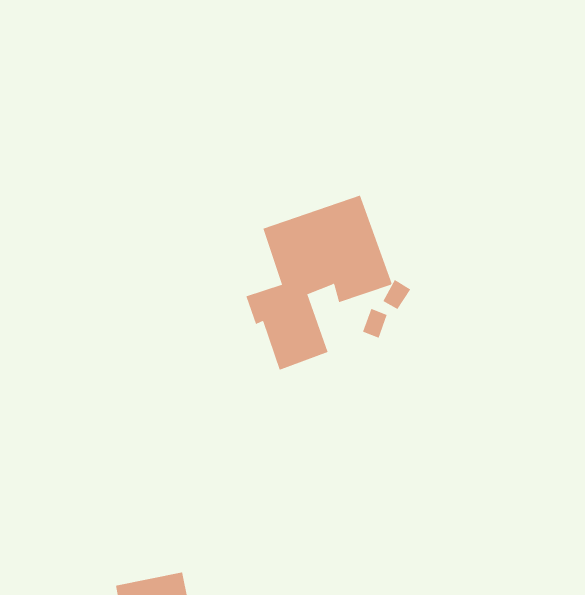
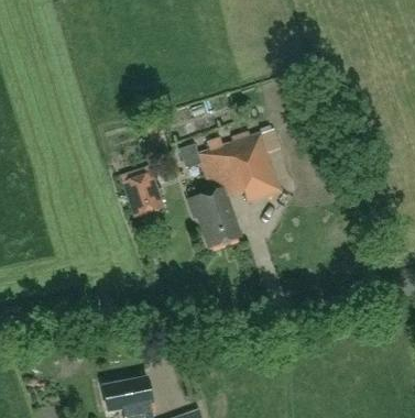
building: none -> [123,172,164,217]

